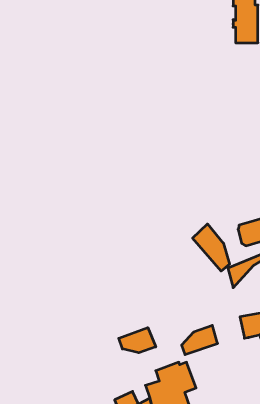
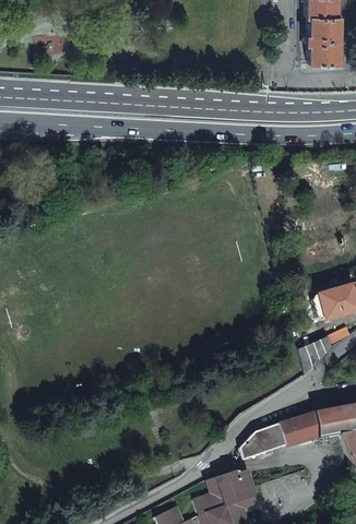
building: [193,224,230,271] -> none
building: none -> [280,412,320,448]
building: [119,328,156,353] -> none

